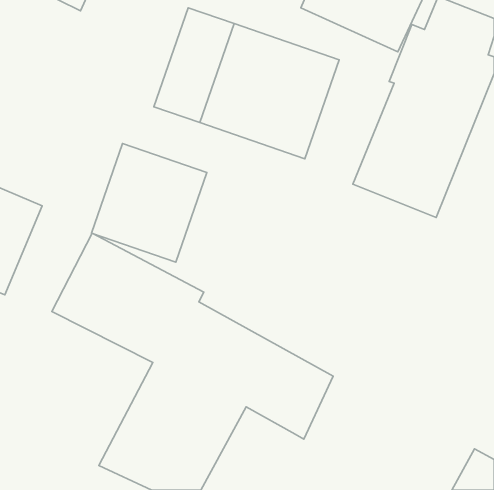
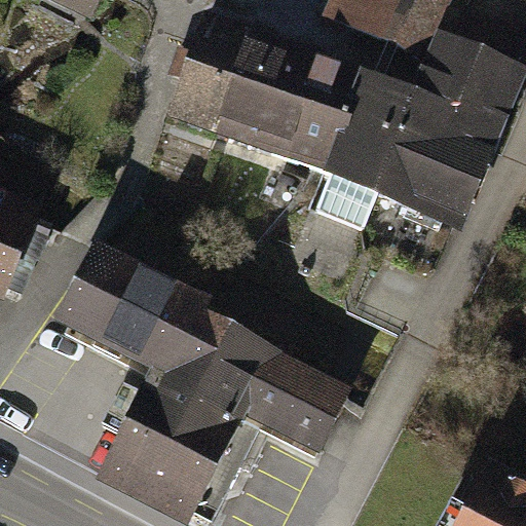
building: none -> [318,63,413,193]
building: [91,143,207,262] -> none

